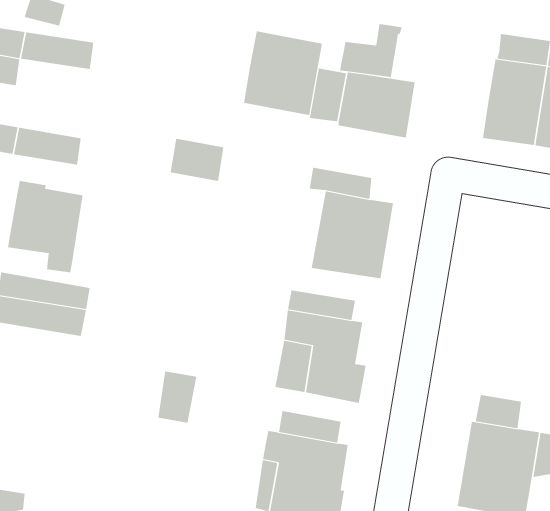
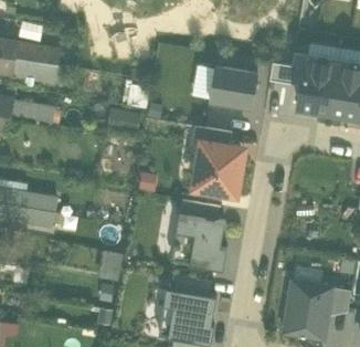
building: [339,23,402,78] -> [268,52,307,85]
building: [244,30,322,116] -> none
building: none -> [12,59,57,85]
building: [7,180,83,273] -> none

